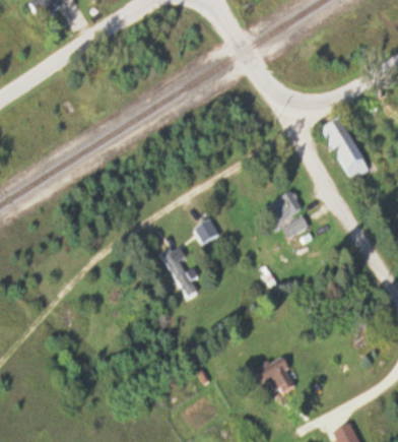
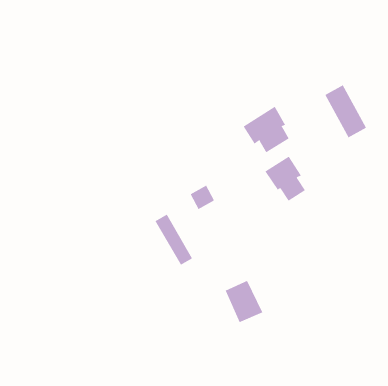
building: none -> [243,106,289,153]
building: [260,356,297,397] -> [225,280,263,323]

